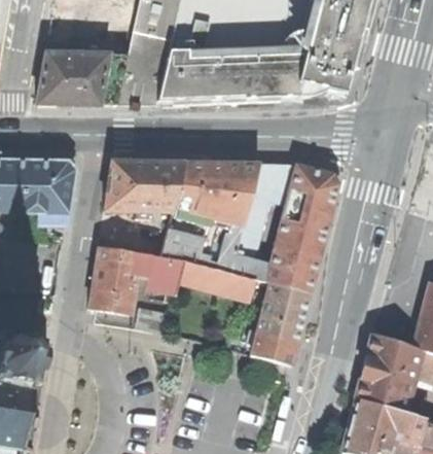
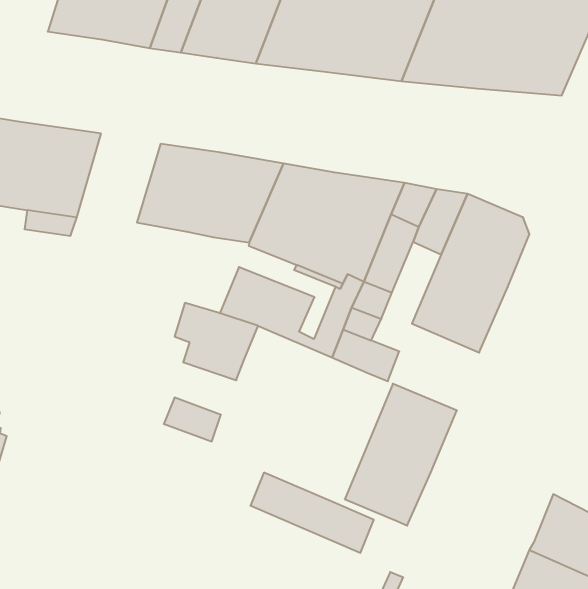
building: [89,244,140,311] -> none
building: [266,244,318,291] -> none
building: [180,258,254,298] -> [250,473,374,553]

